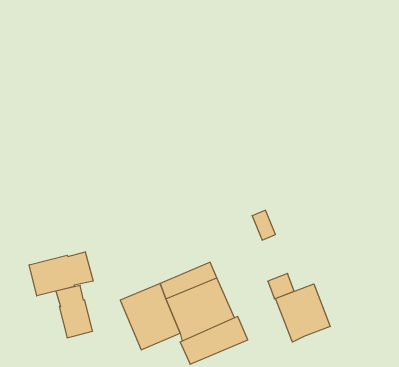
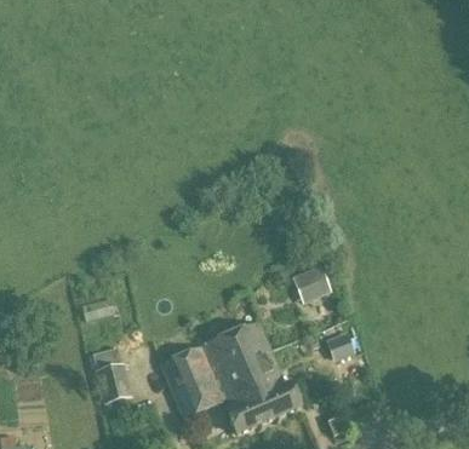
building: [29,252,93,296] -> none
building: [276,284,330,342] -> none

